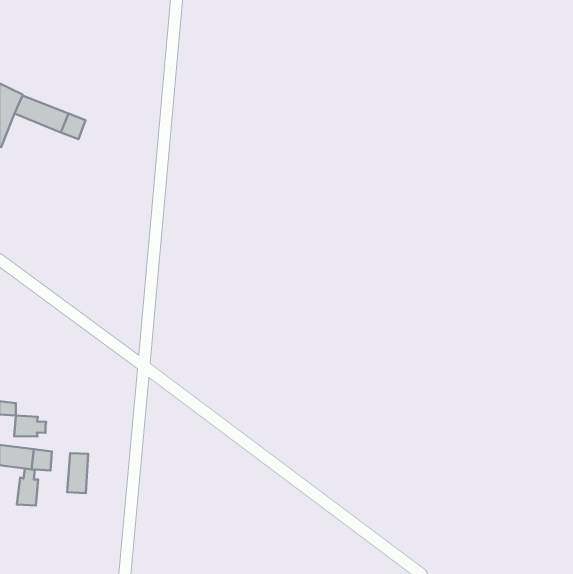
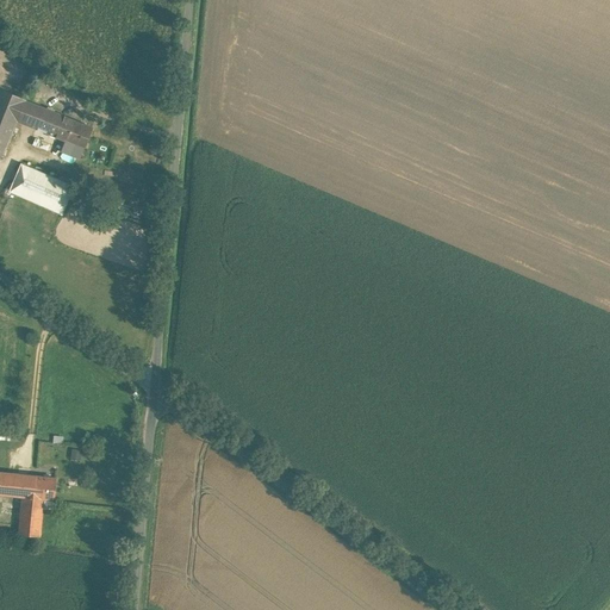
building: none -> [7,163,74,213]
building: [14,416,46,436] -> none
building: [67,453,88,493] -> none

